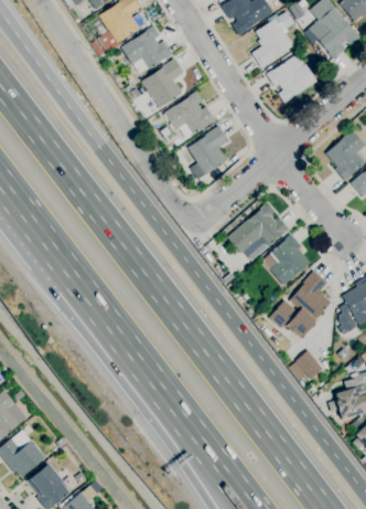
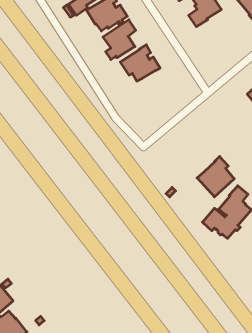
building: [267,53,317,103] -> none
building: [189,125,229,174] -> none
building: [227,202,289,253] -> none
building: [289,350,323,380] -> none

